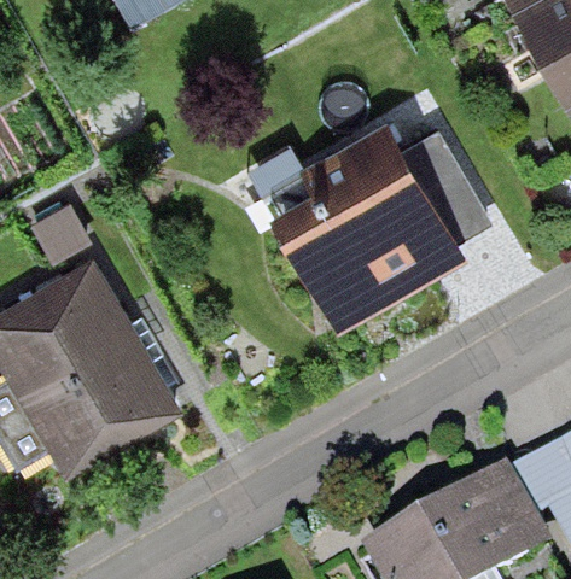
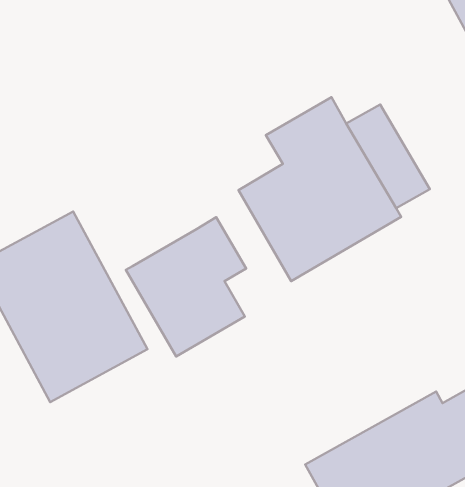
building: none -> [126,217,246,357]

